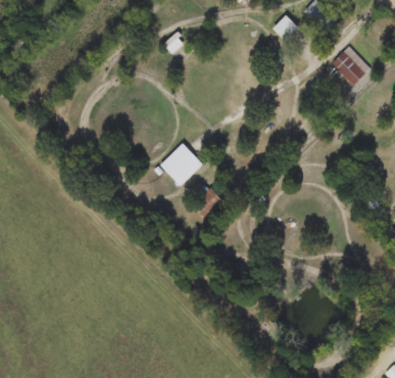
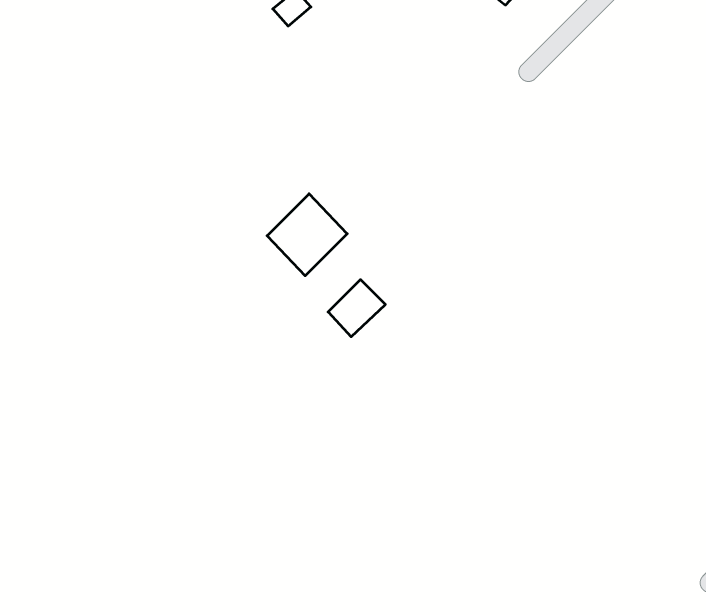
building: [331,46,371,87] -> none

